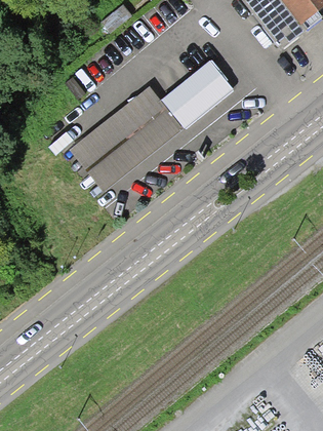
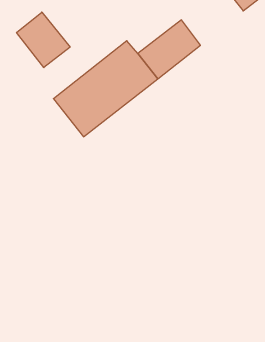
building: none -> [17,12,70,68]

